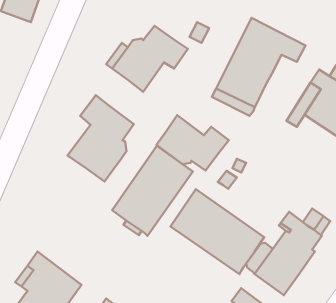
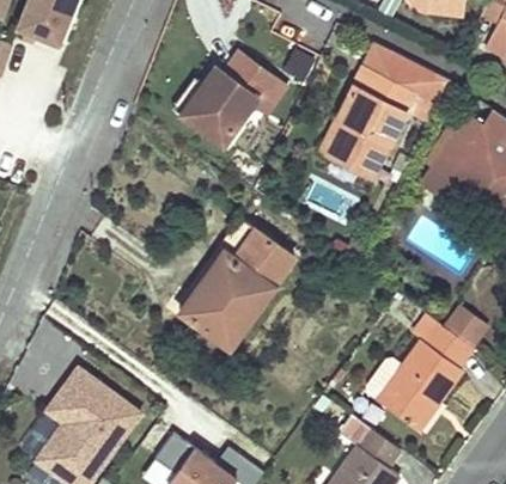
building: [68,95,134,182] -> none
building: [156,115,229,171] -> none
building: [170,189,264,274] -> none

